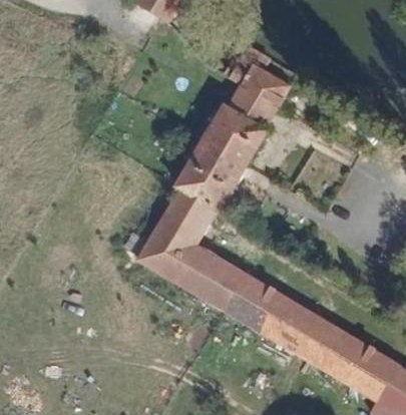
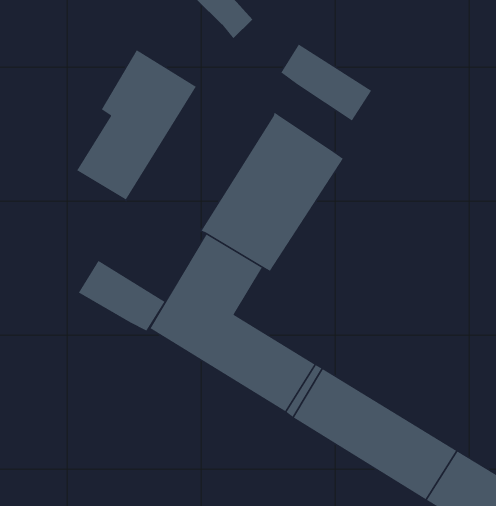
building: none -> [76,49,197,200]
building: [228,81,280,128] -> none
building: none -> [78,260,166,333]

